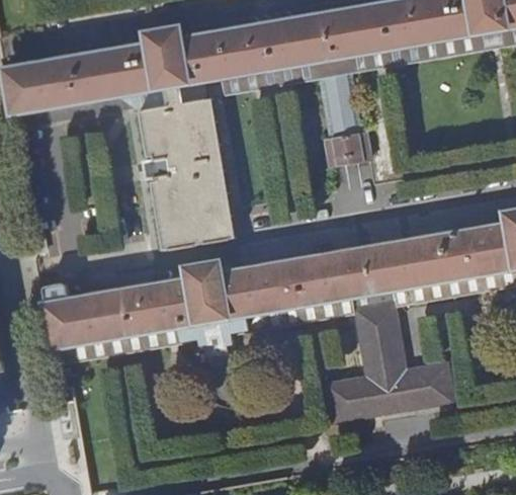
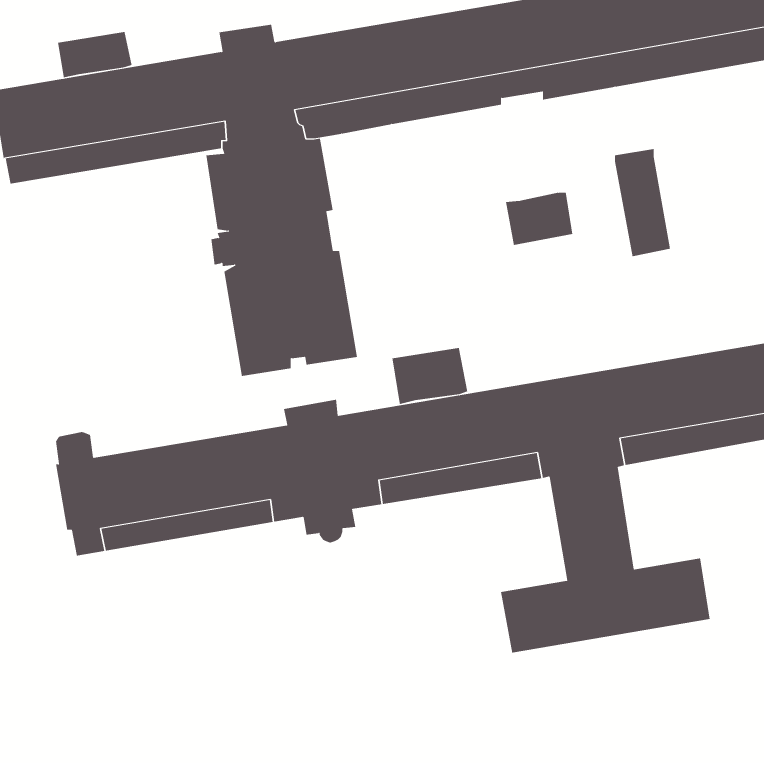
building: none -> [57,31,132,78]
building: [323,67,358,135] -> [614,149,671,257]
building: none -> [392,347,468,405]

